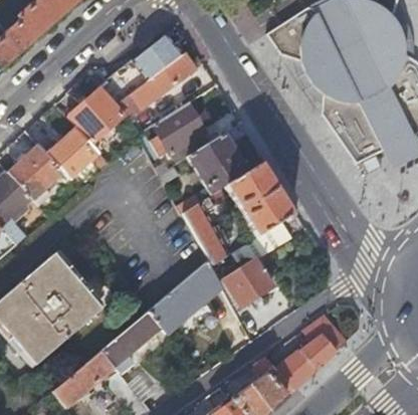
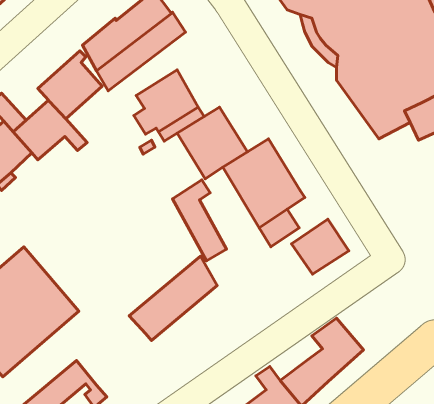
building: [222,258,271,305] -> [291,219,349,274]
building: [99,312,159,371] -> none

